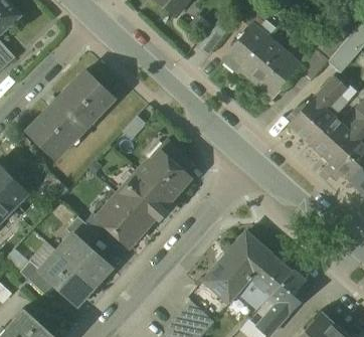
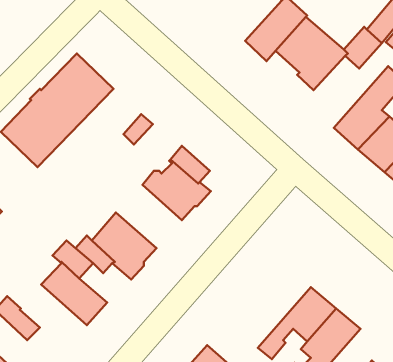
building: [117,173,169,223] -> none
building: [203,231,271,304] -> none
building: [40,252,94,305] -> none

